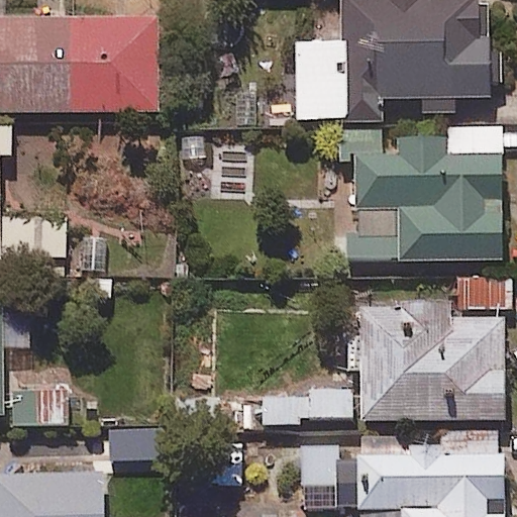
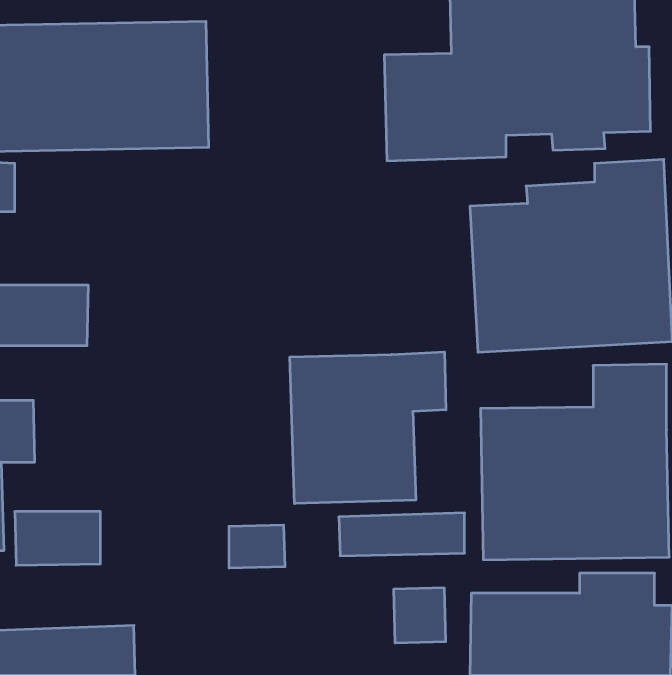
building: none -> [290,352,446,504]

